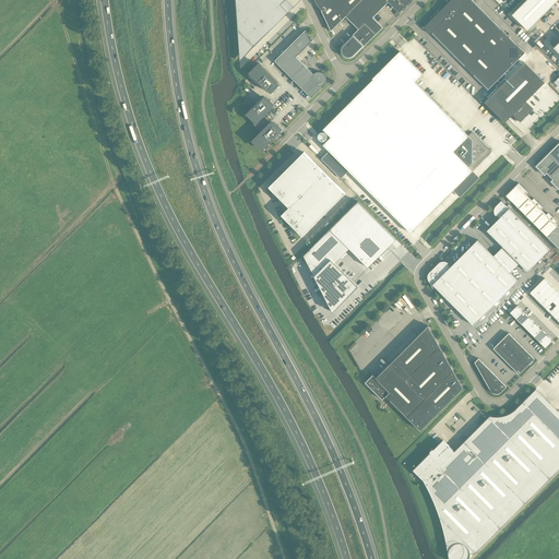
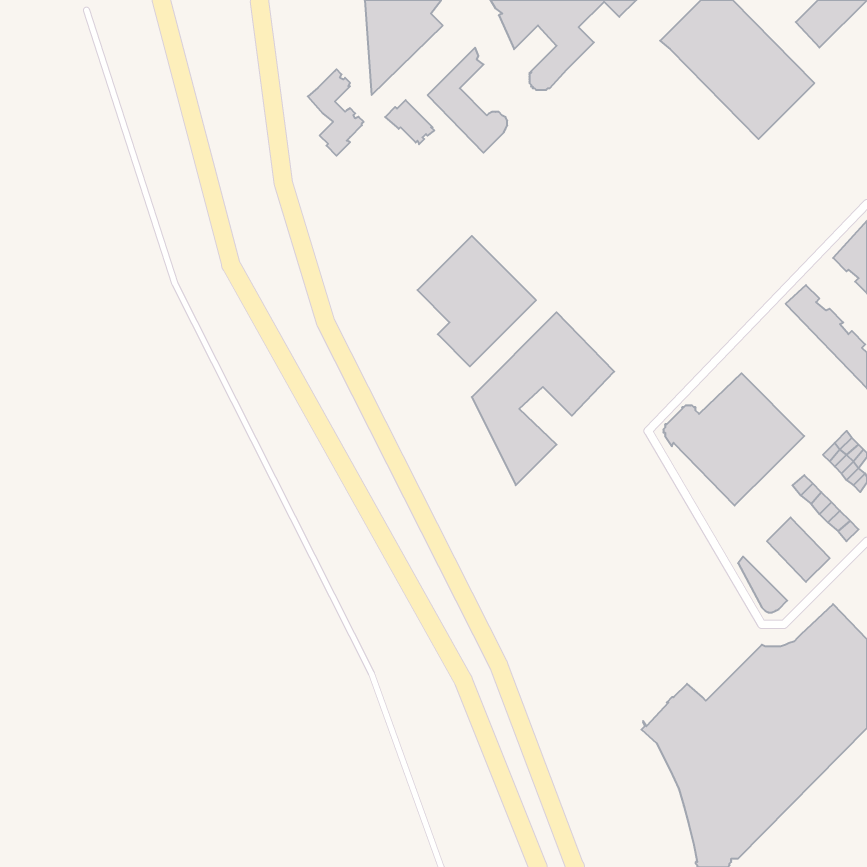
building: [322,51,488,233] -> none
building: [485,62,545,122] -> none
building: [246,96,282,152] -> [308,69,364,156]
building: [487,201,549,272] -> none
building: [365,325,463,430] -> none

